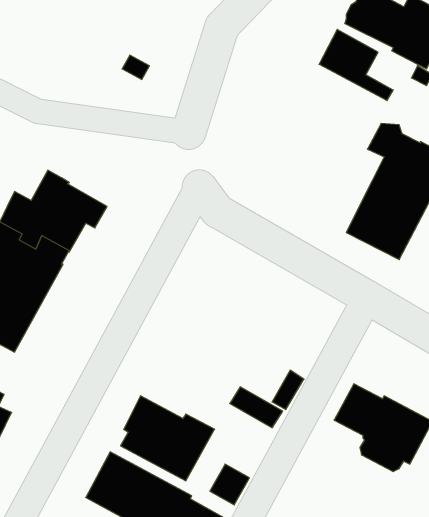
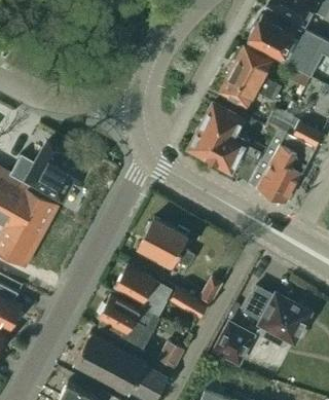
building: none -> [219,70,278,107]
building: none -> [189,104,267,184]
building: none -> [139,218,194,265]
building: none -> [114,265,173,320]
building: none -> [215,325,252,363]

